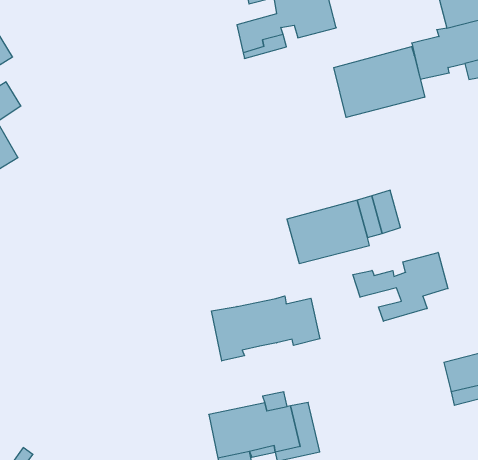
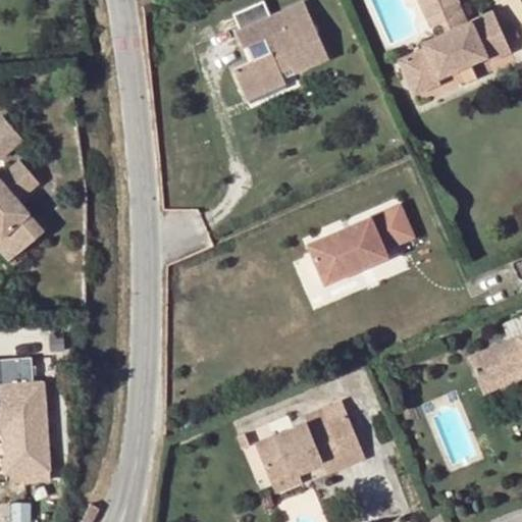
building: [334,47,425,117] -> none
building: [353,252,448,321] -> none
building: [212,296,320,361] -> none

